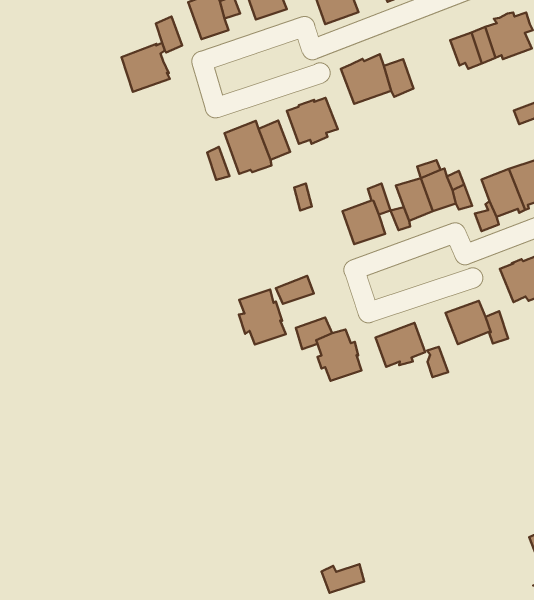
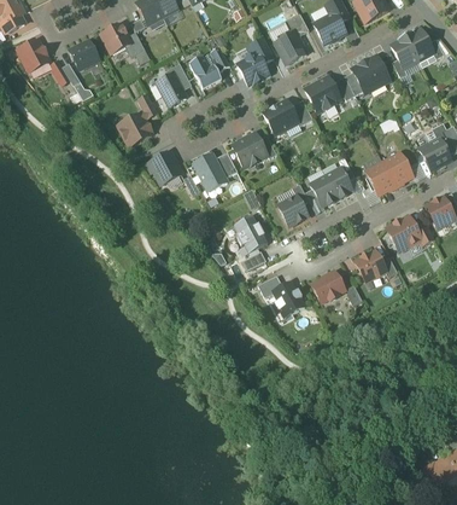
building: none -> [305,76,340,111]
building: none -> [147,155,181,186]
building: [239,290,286,344] -> [234,216,268,254]

